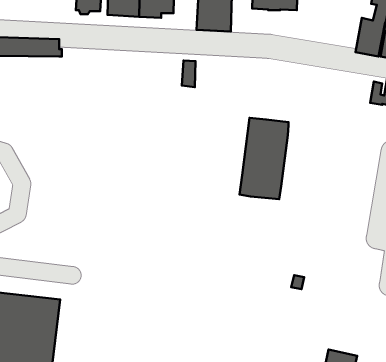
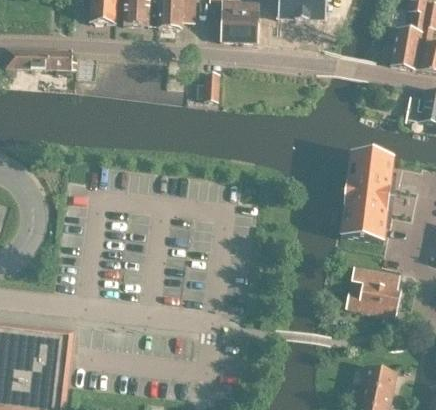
building: [239,118,289,199] -> [340,153,393,241]
building: none -> [347,282,401,316]
building: none -> [362,366,397,392]

